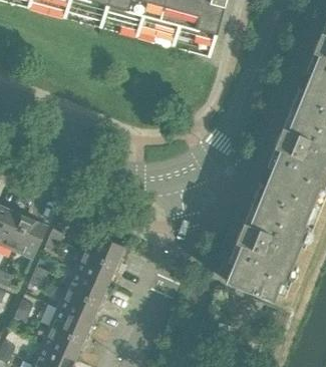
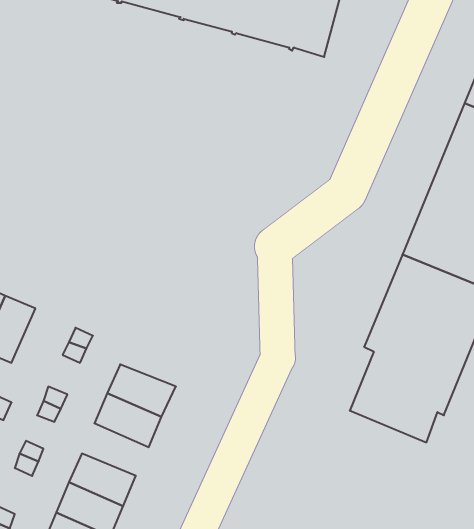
building: [14,218,48,261] -> none
building: [82,233,125,267] -> none
building: [58,290,100,323] -> none

